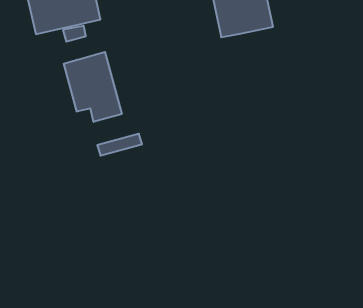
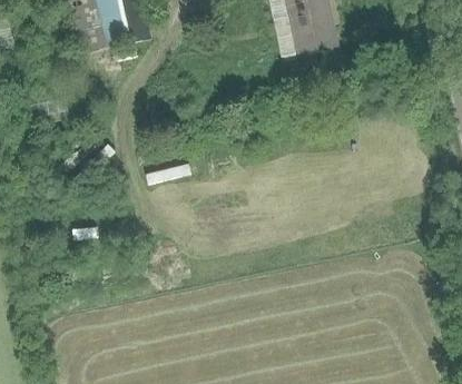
building: [64,52,122,122] -> none

